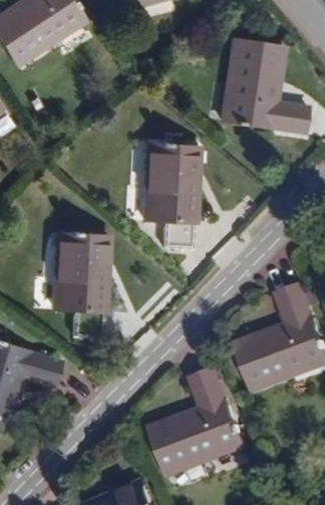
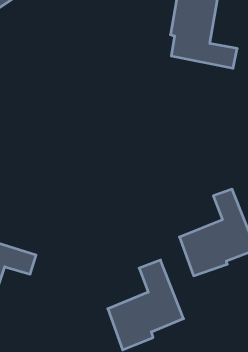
building: [143,143,201,248] -> none
building: [51,232,112,339] -> none

